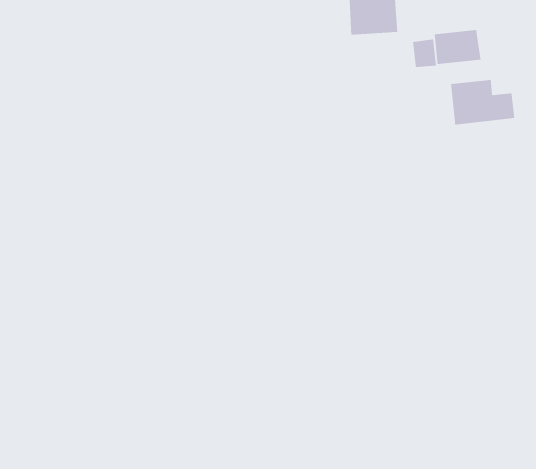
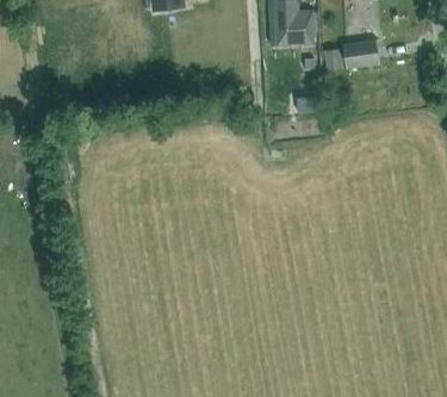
building: [450,79,515,126] -> none

